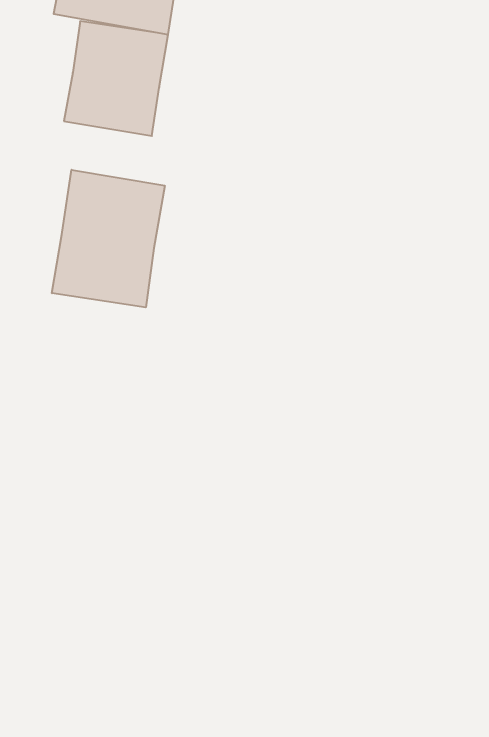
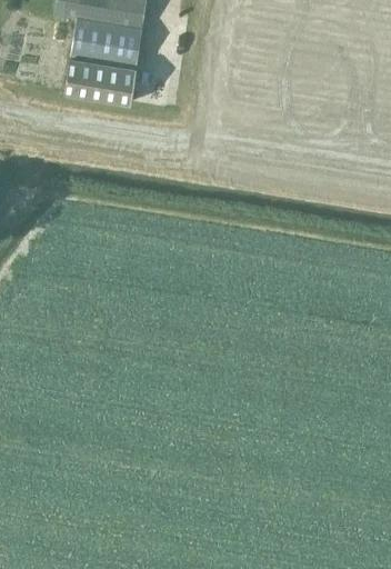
building: [52,170,165,307] -> none

